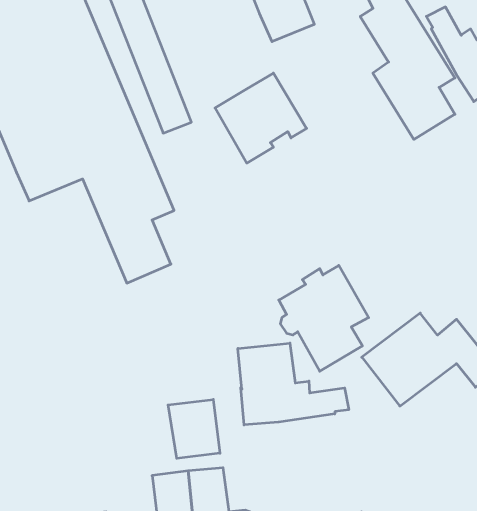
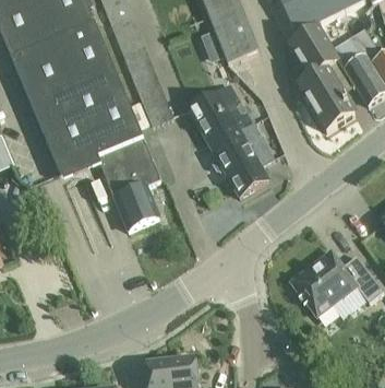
building: [279,265,369,371] -> [210,122,273,196]
building: [238,343,349,425] -> none
building: [168,399,220,458] -> none

